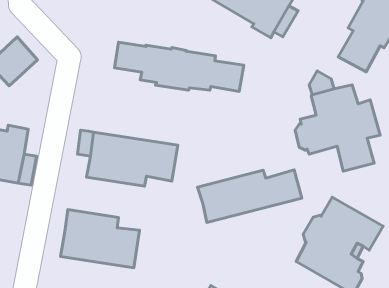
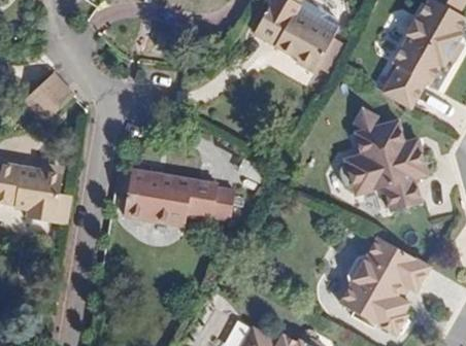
building: [114,42,244,91] -> none
building: [198,170,302,223] -> none
building: [60,210,139,268] -> none

